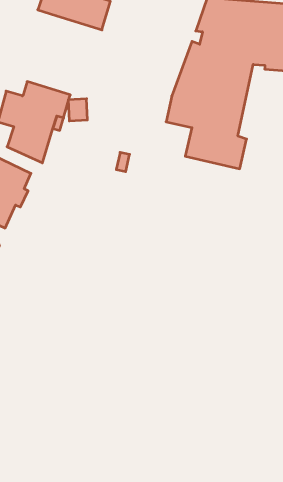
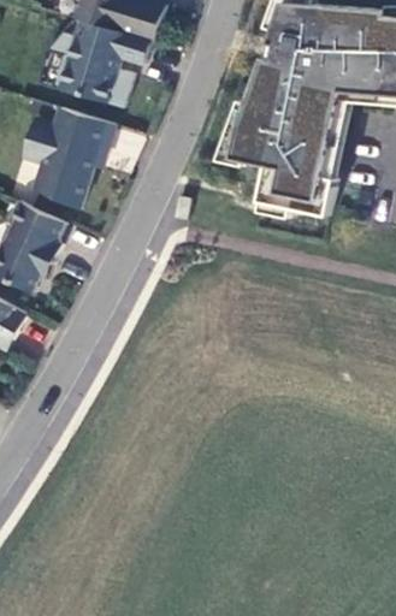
building: none -> [53,24,149,107]

